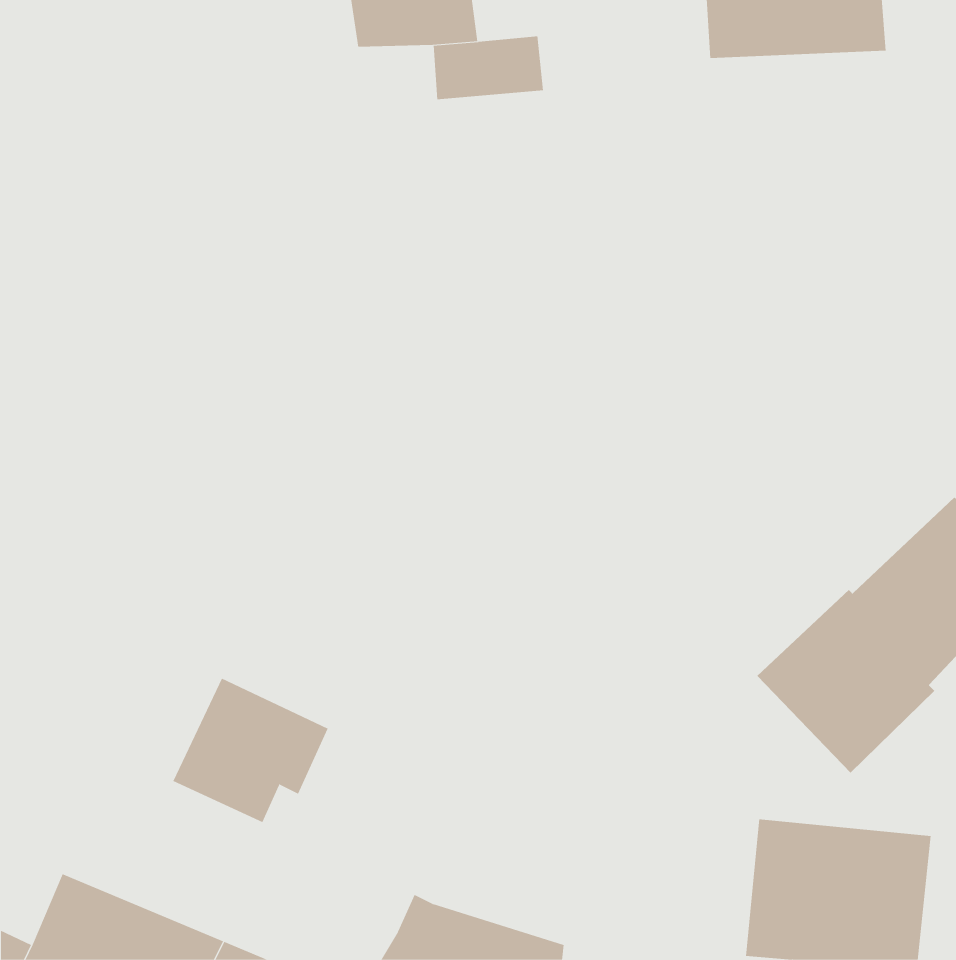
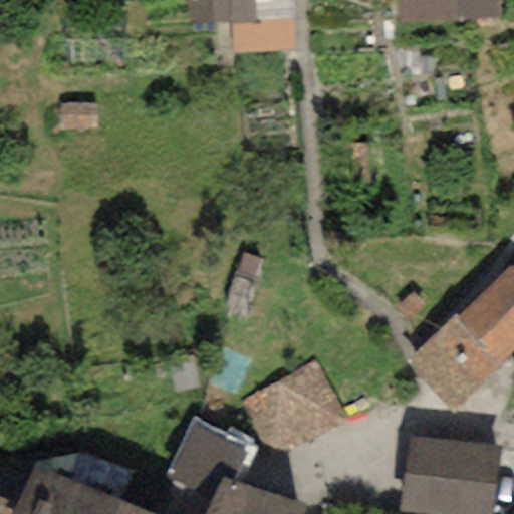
building: none -> [243,360,349,461]
building: [172,678,329,823] -> [167,420,250,497]

